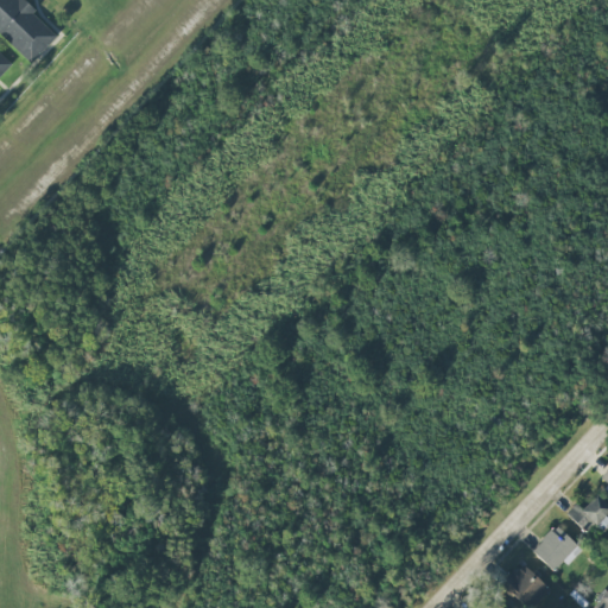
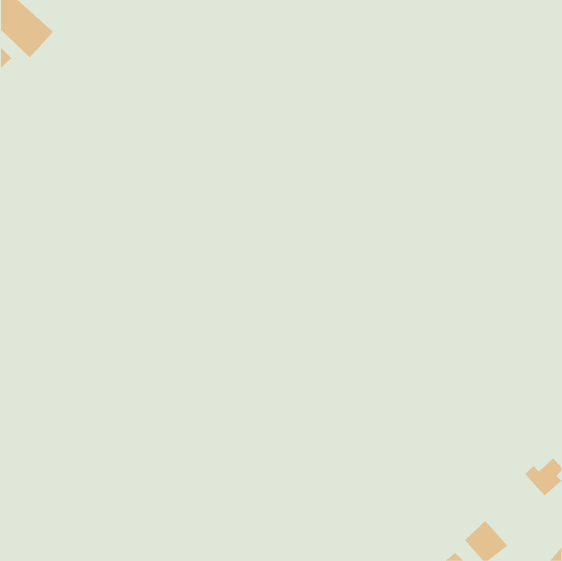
building: [532,525,582,571] -> none

